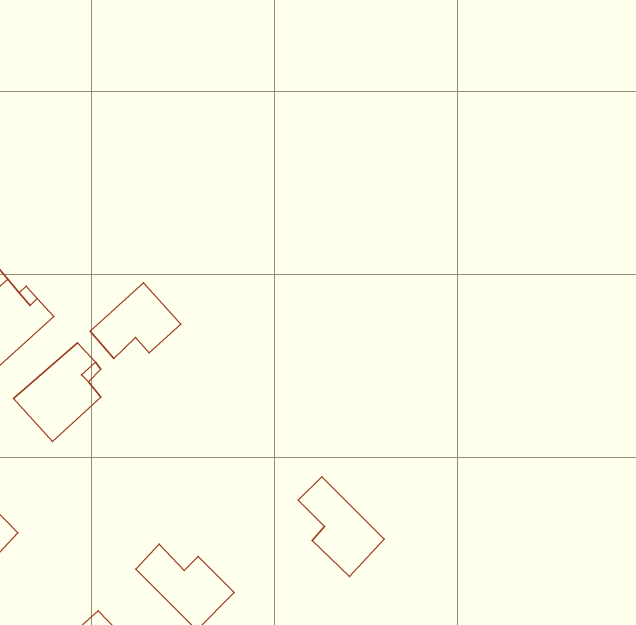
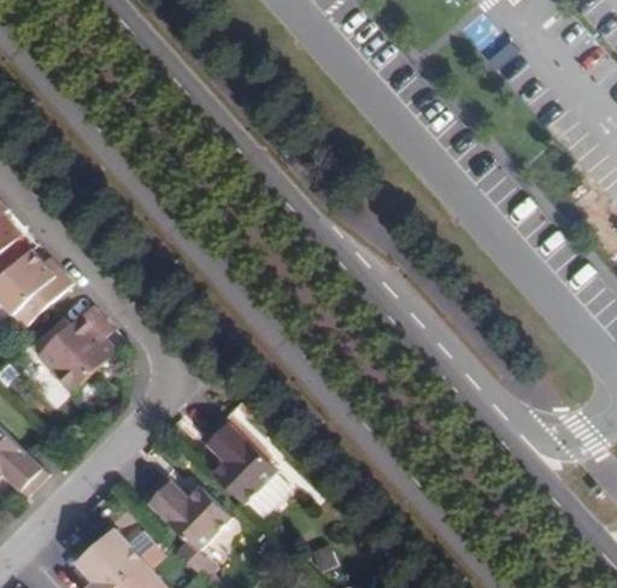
building: [90,283,181,358] -> none
building: [298,477,384,577] -> [200,418,275,505]

